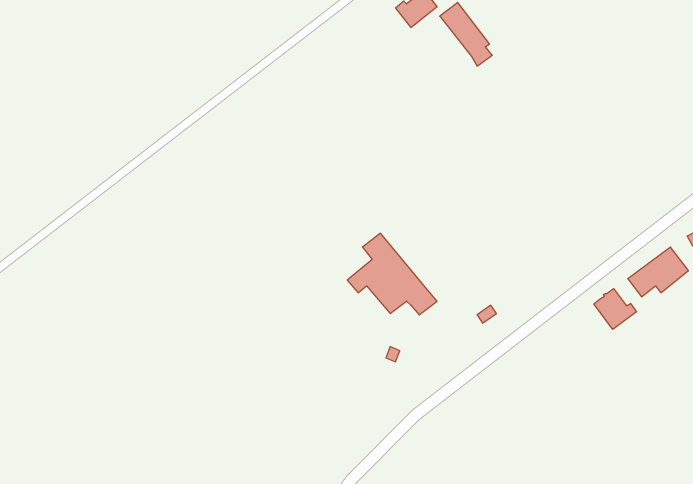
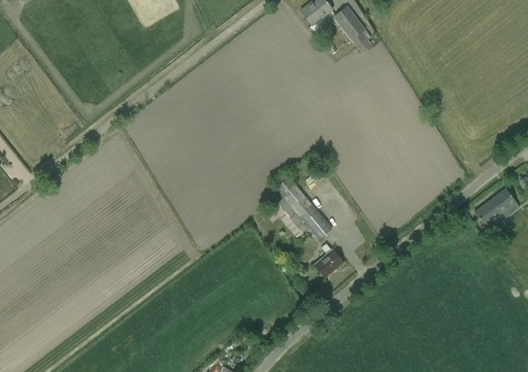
building: [594,289,637,329] -> none
building: none -> [315,243,343,277]

